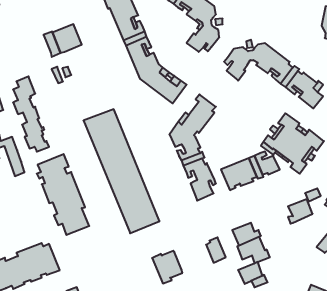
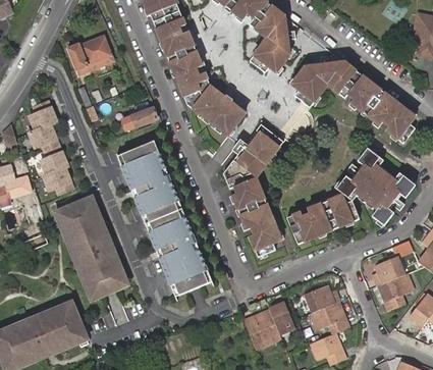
building: none -> [122,105,156,130]
building: none -> [378,271,413,309]
building: [152,251,182,283] -> [242,310,280,351]

